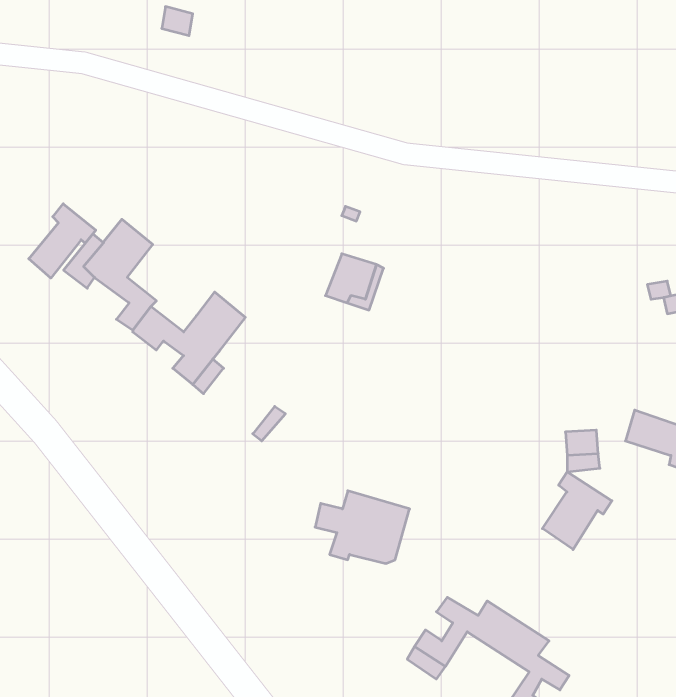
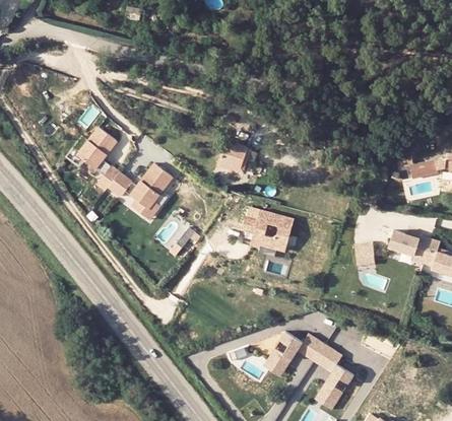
building: [29,204,96,278] -> none
building: [542,472,612,550] -> none
building: [315,491,410,563] -> [242,209,295,250]

